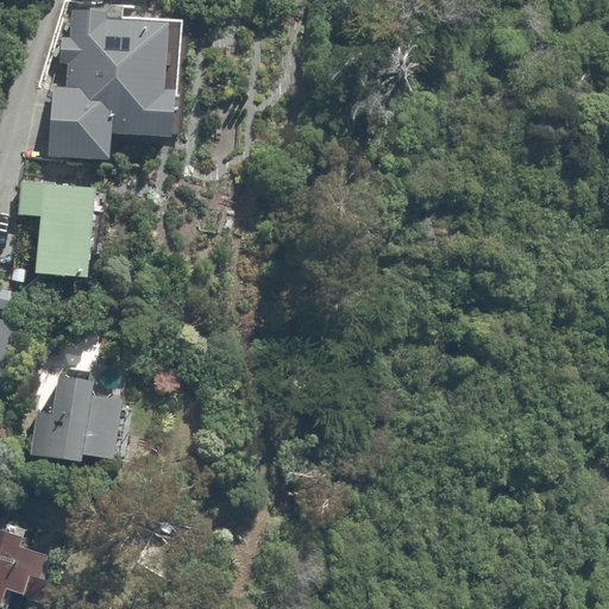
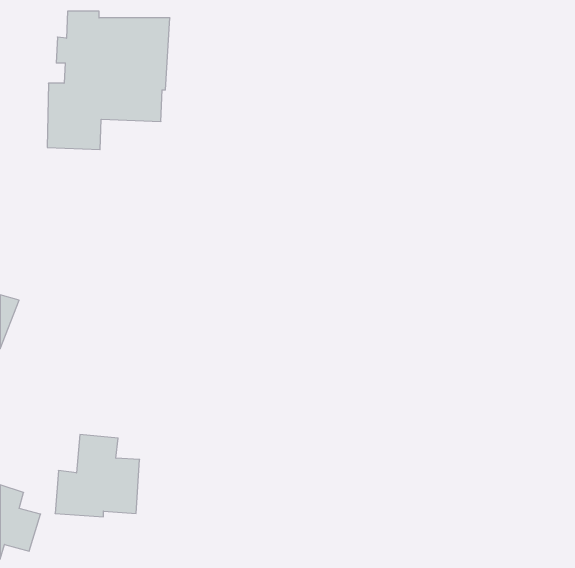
building: [20,181,88,270] -> none
building: [31,369,120,456] -> [55,435,140,517]

